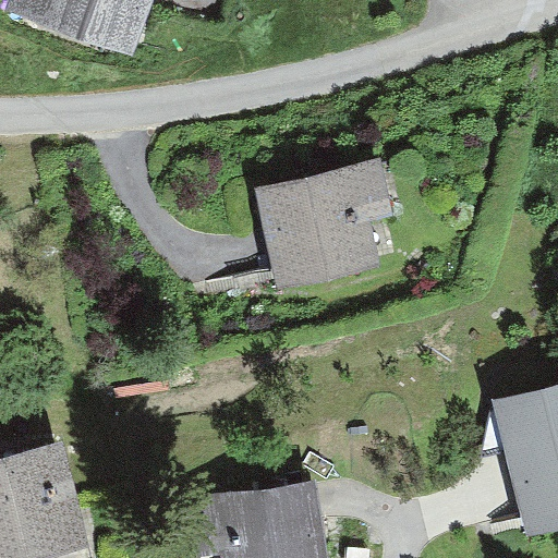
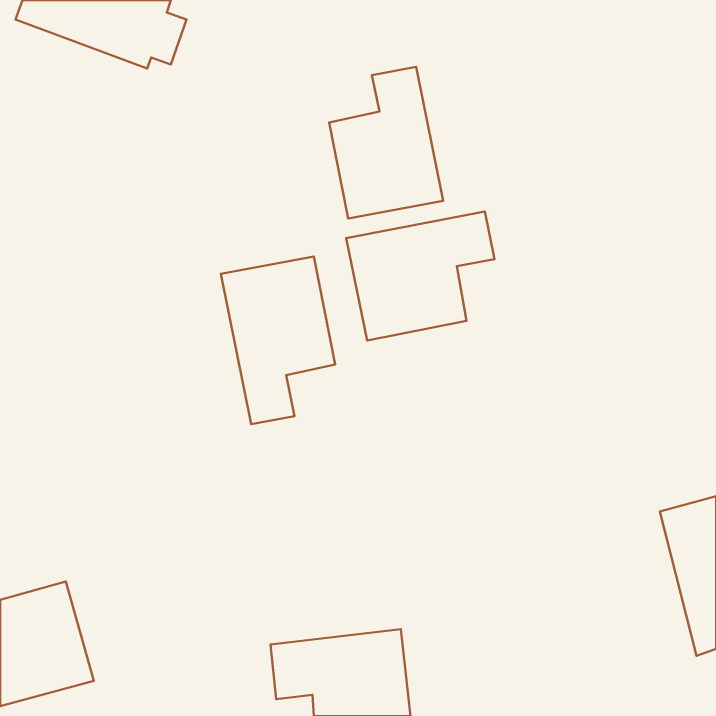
building: none -> [329,67,443,219]
building: none -> [221,256,335,424]

